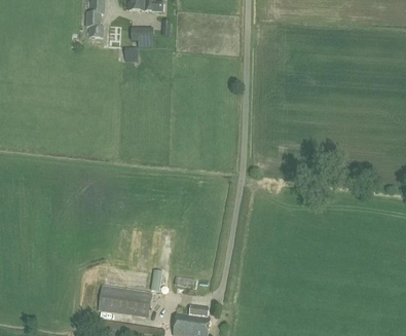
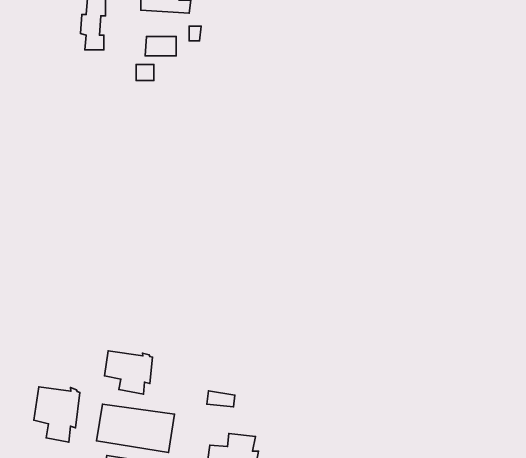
building: none -> [104,351,153,394]
building: none -> [34,387,80,442]

